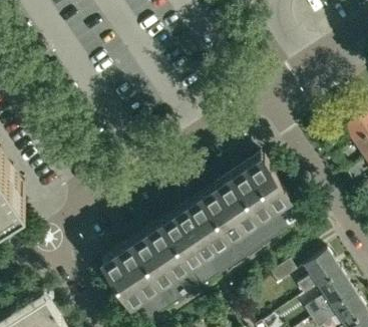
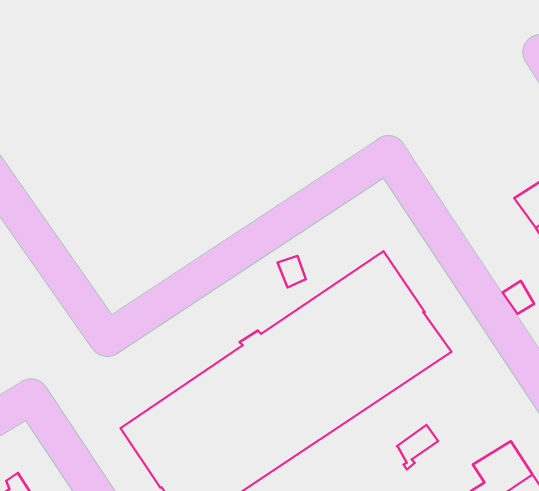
building: [298,251,341,295] -> none

